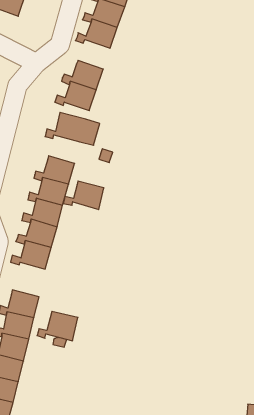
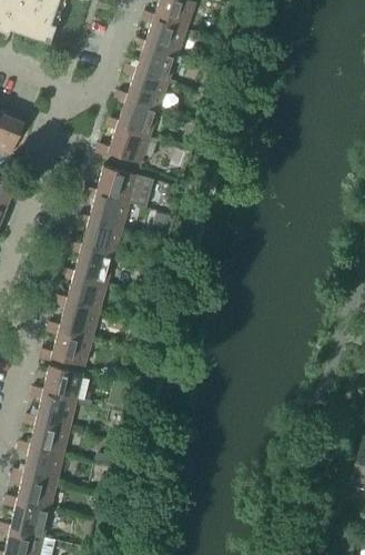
building: none -> [114,72,168,110]
building: [63,181,104,210] -> [77,194,129,231]
building: [37,311,78,341] -> [31,364,83,402]

